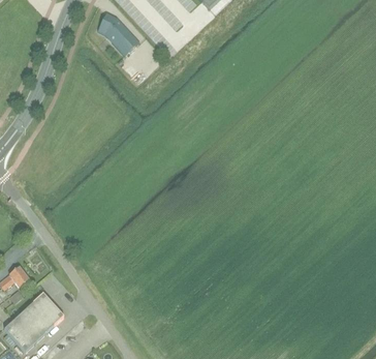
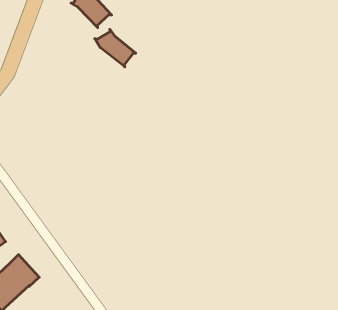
building: none -> [95,29,136,67]

